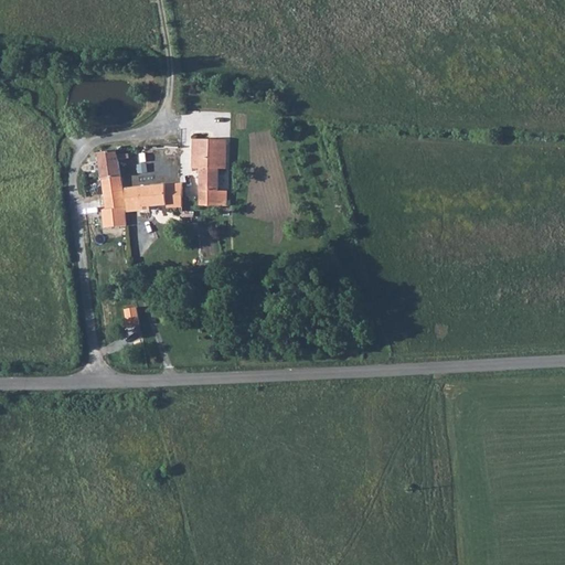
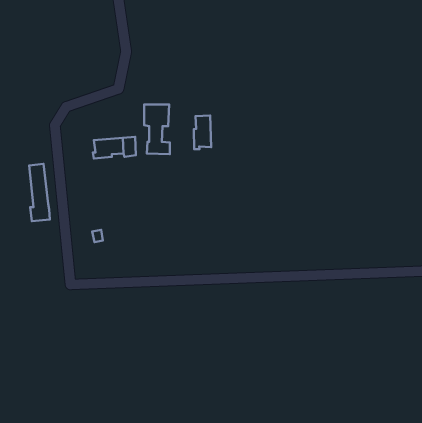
building: [98,150,126,226] -> [29,164,50,221]
building: none -> [194,115,211,149]

